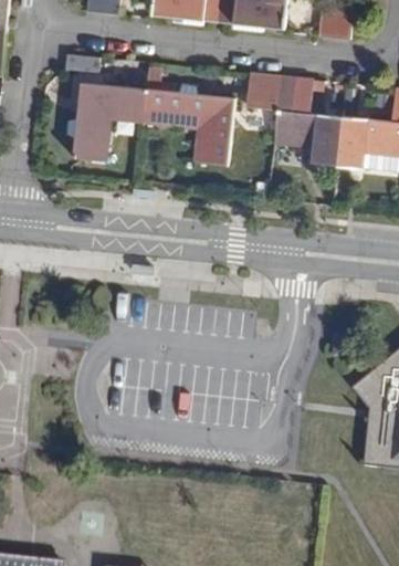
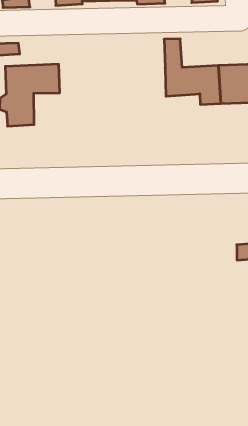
building: [144,65,237,163] -> none
building: [249,72,281,109] -> none

